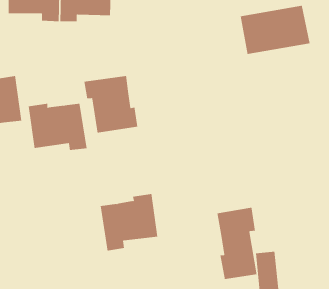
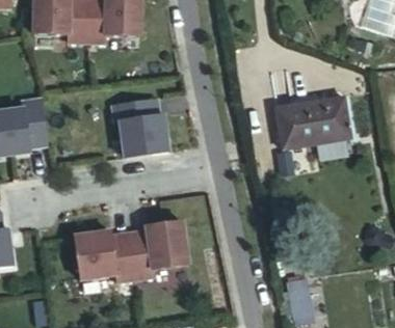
building: [240,5,311,55] -> [276,99,349,149]
building: [28,103,87,151] -> [75,233,136,281]
building: [217,207,257,280] -> none

